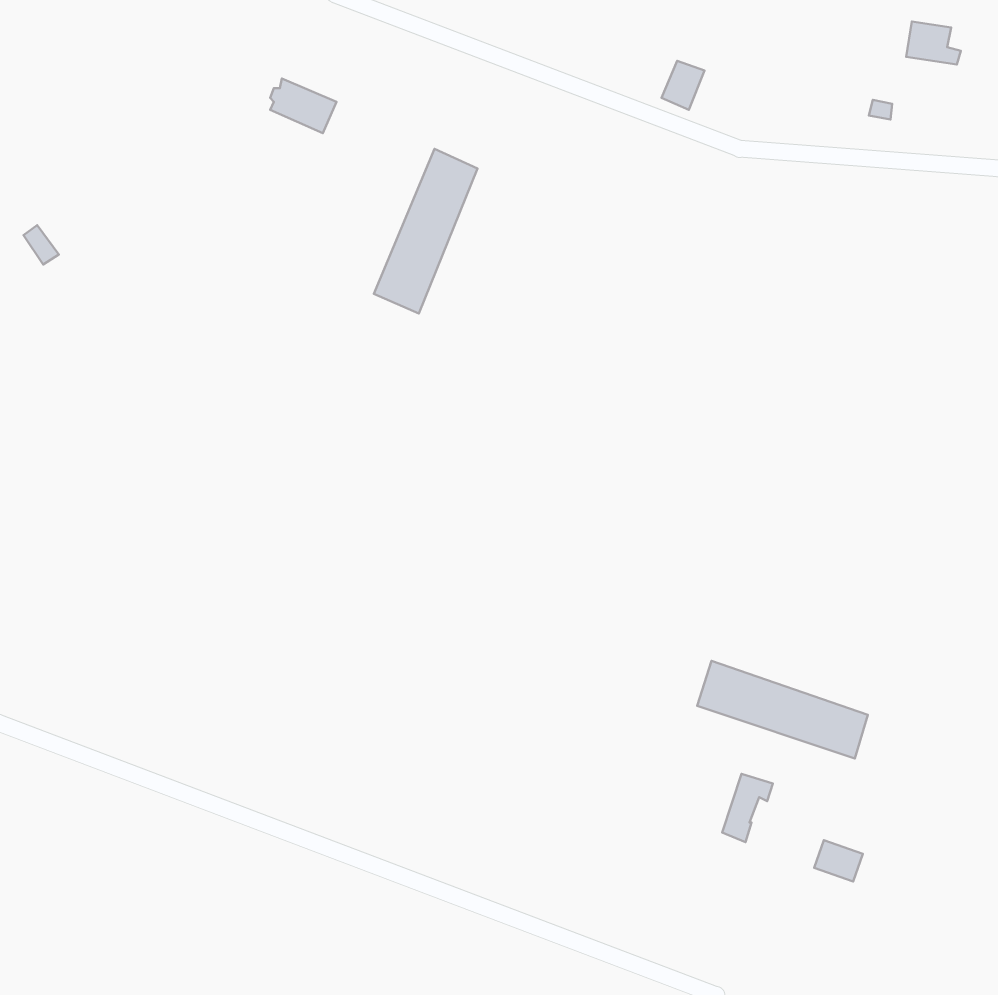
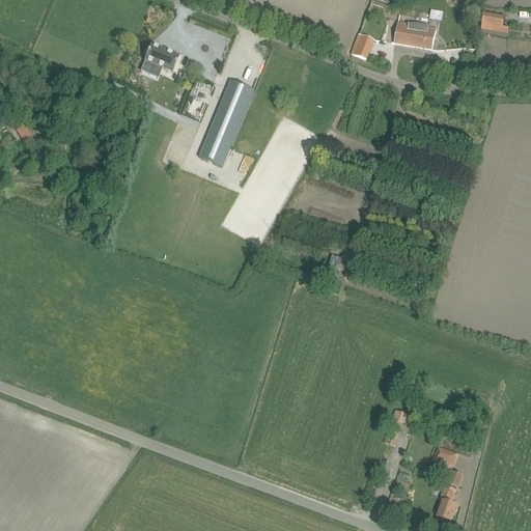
building: none -> [393,21,435,48]
building: [697,661,868,758] -> none
building: none -> [437,471,462,520]

